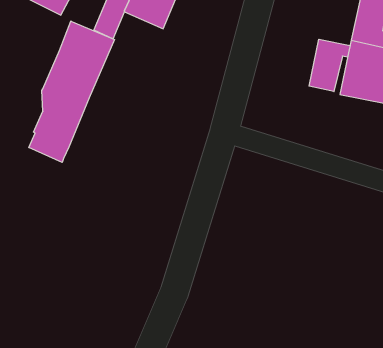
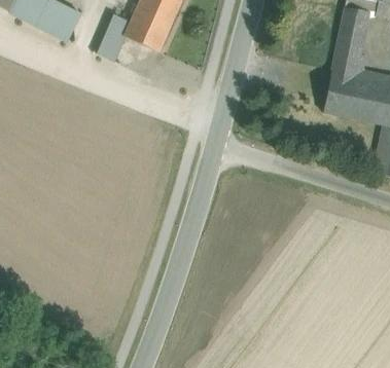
building: [29,21,115,162] -> none
building: [309,39,350,92] -> none

